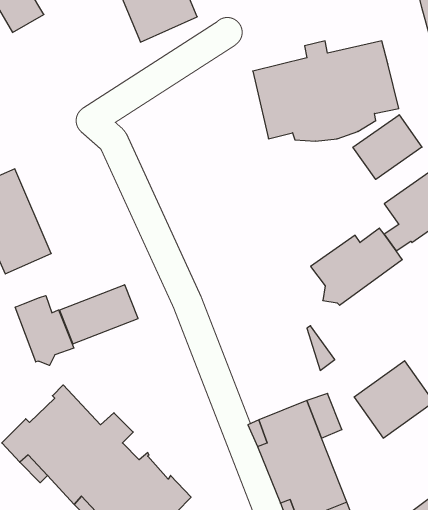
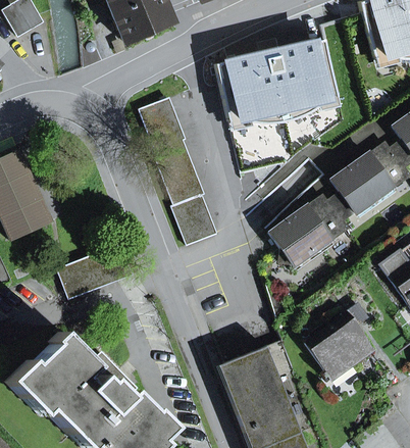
building: none -> [140,98,215,245]
building: [353,115,422,179] -> none
building: [15,296,74,365] -> none

